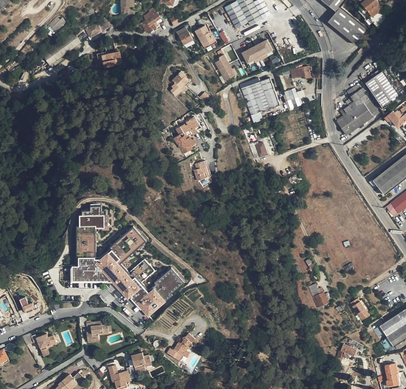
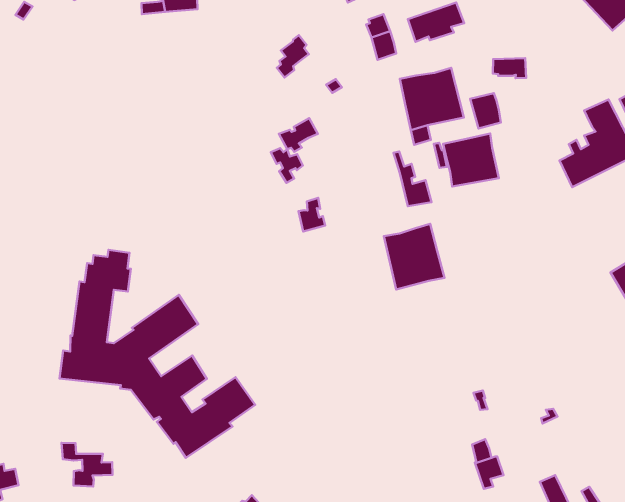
building: none -> [443,134,499,186]
building: none -> [384,224,444,290]

